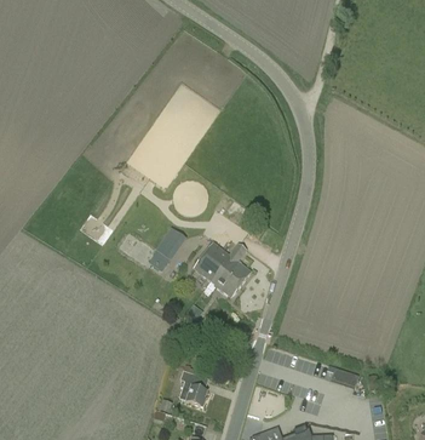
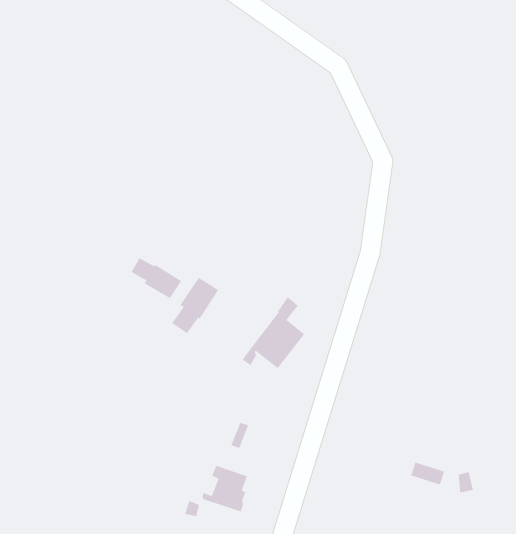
building: none -> [130,257,182,299]
building: [193,242,230,281] -> none

